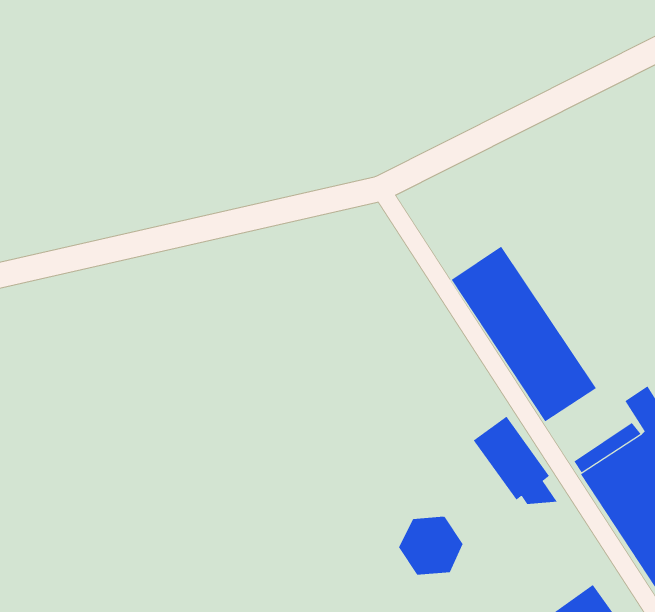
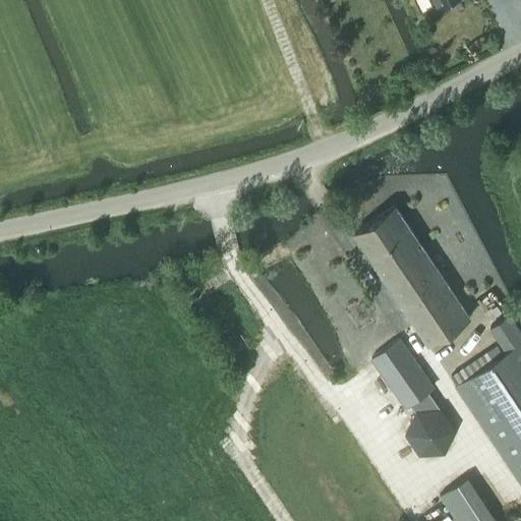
building: [398,516,464,575] -> [405,411,456,457]

